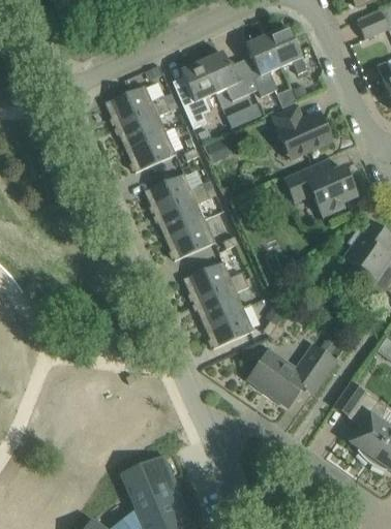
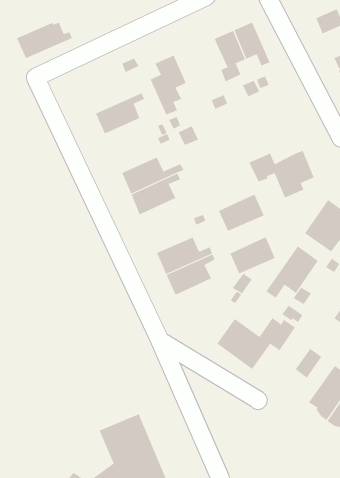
building: [202,52,248,99] -> none
building: [104,85,167,125] -> [16,22,73,59]
building: [272,105,332,158] -> none
building: [125,130,175,172] -> none
building: [163,218,214,259] -> [218,194,264,232]
building: none -> [265,246,318,299]
building: [203,306,253,347] -> [229,237,276,274]

